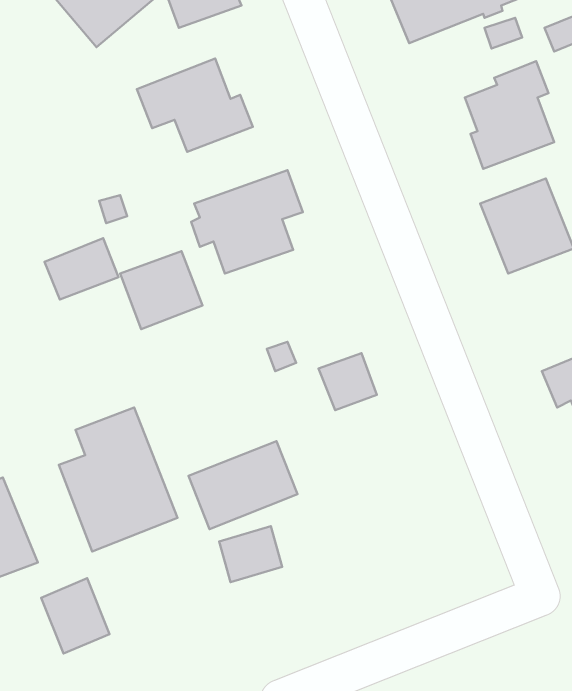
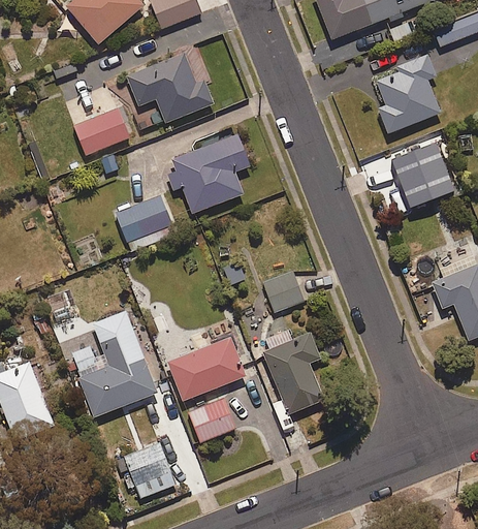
building: [45,238,119,300] -> [75,108,130,154]
building: none -> [264,329,325,414]
building: [41,578,110,654] -> [124,441,174,497]

